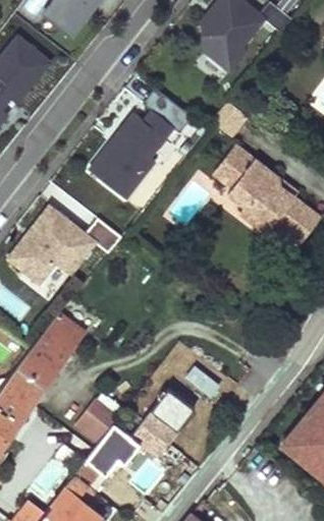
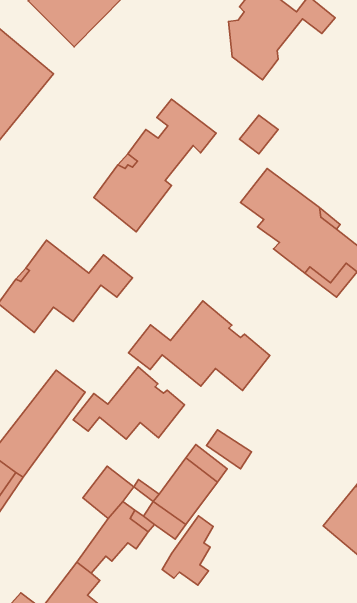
building: none -> [129,301,270,390]
building: none -> [73,367,185,439]
building: none -> [162,516,213,585]

